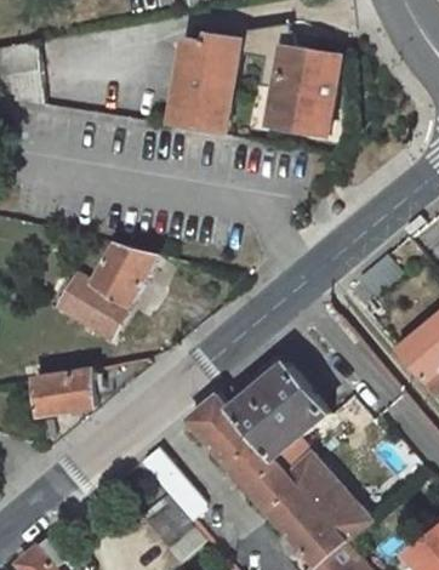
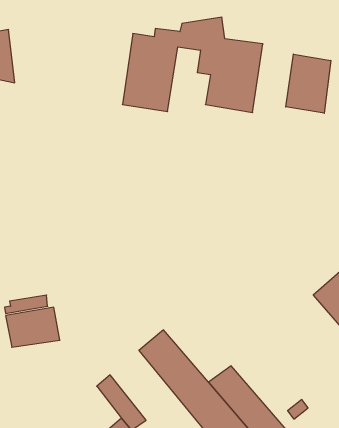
building: none -> [286,54,331,113]
building: [35,245,156,337] -> none
building: [218,348,327,455] -> none

